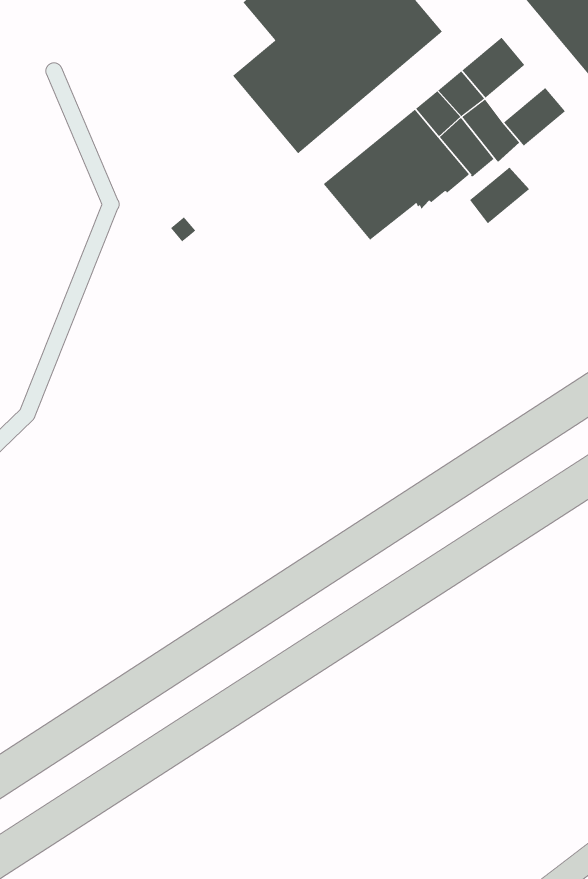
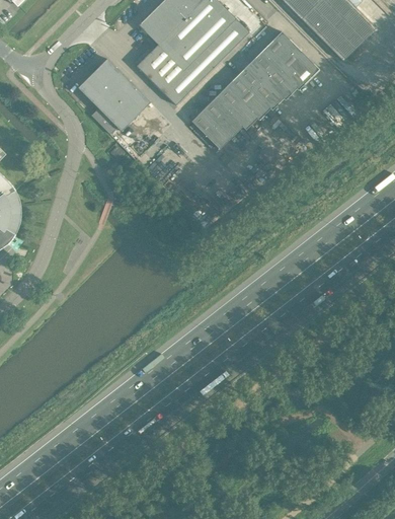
building: none -> [77,59,150,134]
building: [469,167,530,224] -> [274,46,307,78]

